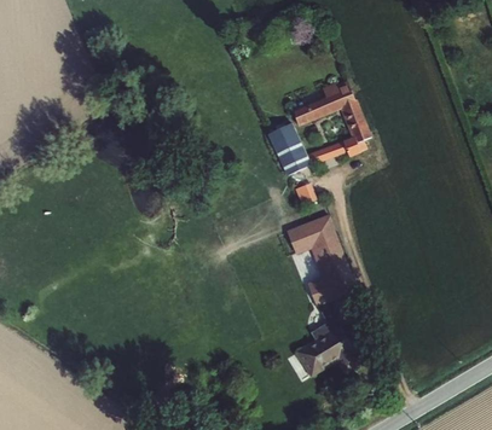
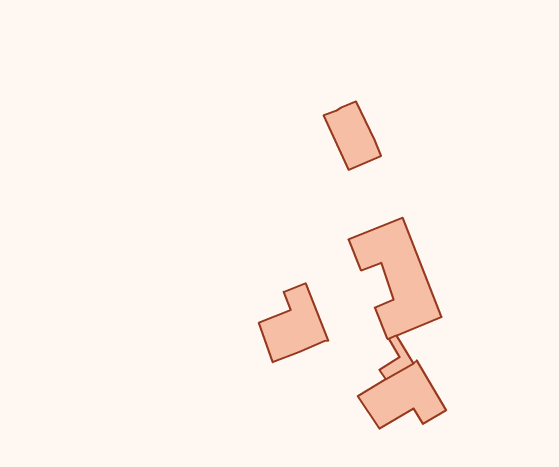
building: [293,80,371,165] -> none
building: none -> [259,283,328,362]

